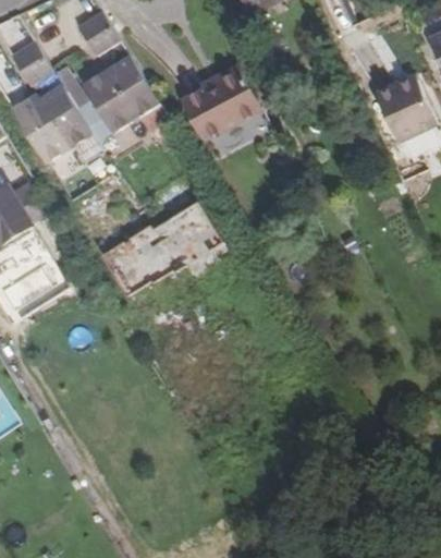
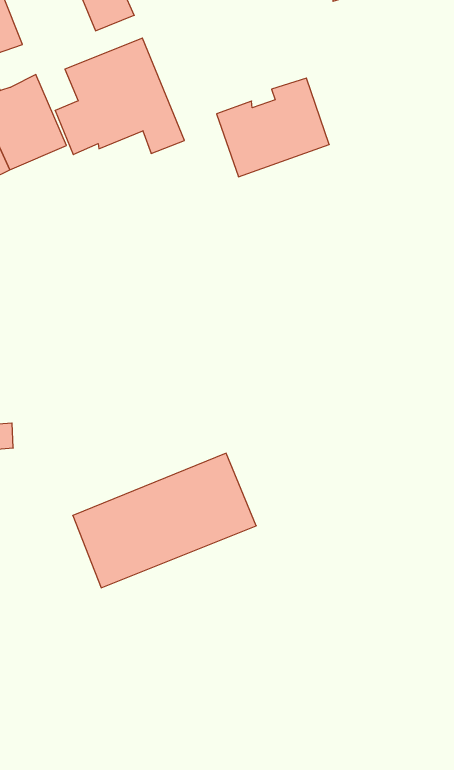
building: [100,196,222,298] -> [73,453,256,588]

